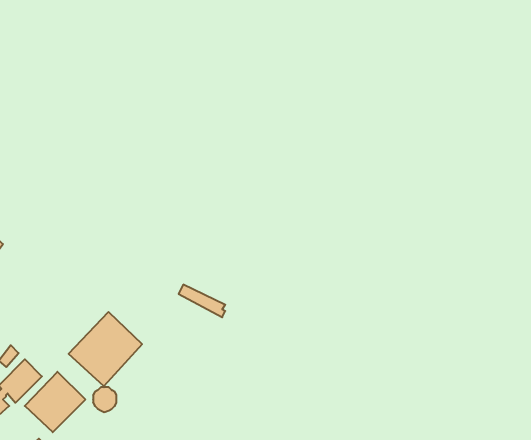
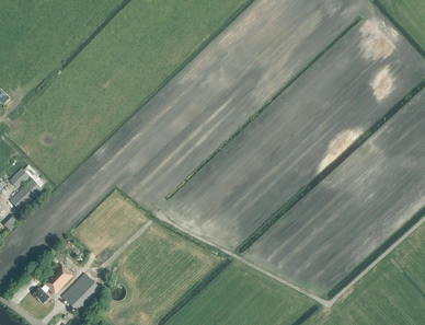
building: [69,312,142,386] -> none

